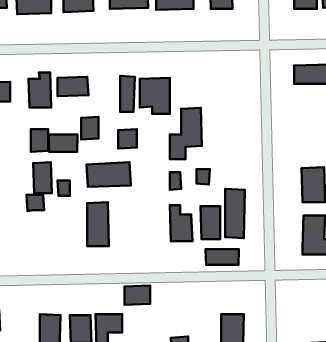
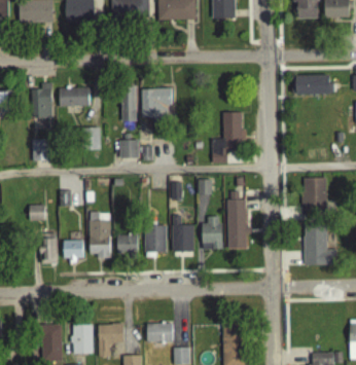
building: [170,108,202,159] -> [212,111,244,162]
building: [49,134,77,152] -> none
building: [87,162,131,187] -> none
building: [33,162,52,193] -> [40,232,59,263]
building: none -> [145,225,167,251]
building: none -> [117,234,139,254]
building: none -> [64,240,84,259]
building: [205,249,239,265] -> none
building: [125,285,150,305] -> [147,323,173,342]

